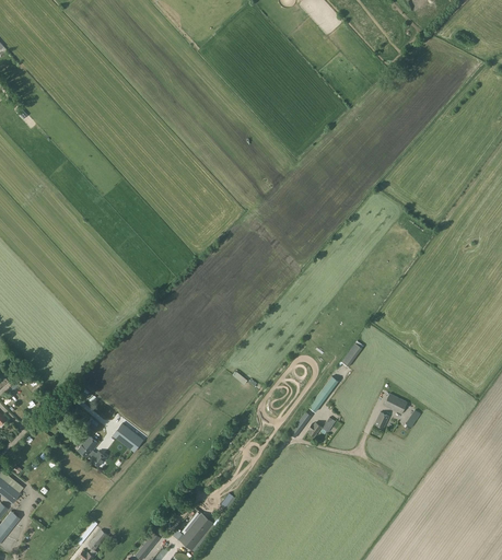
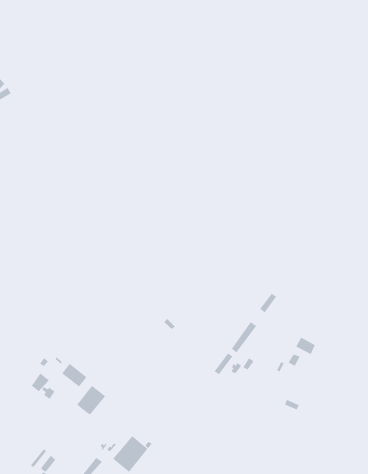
building: none -> [76,385,106,416]

